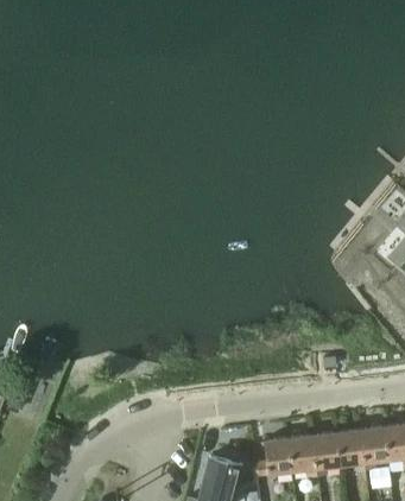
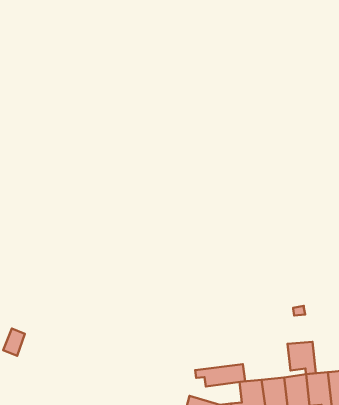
building: none -> [287,342,316,374]
building: none -> [195,364,245,386]

